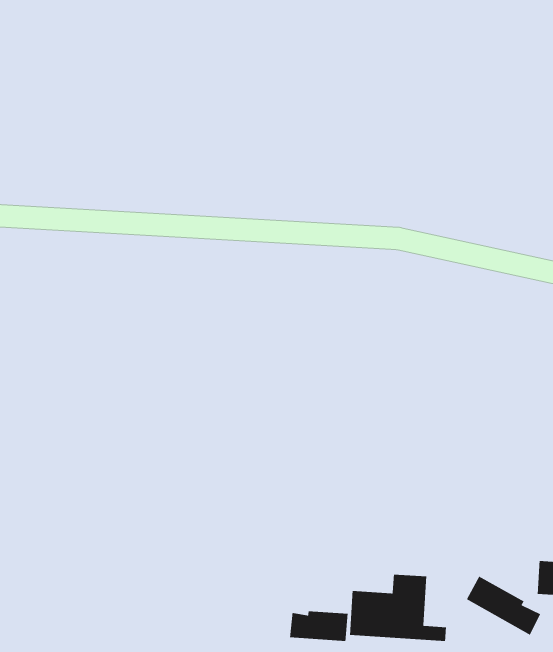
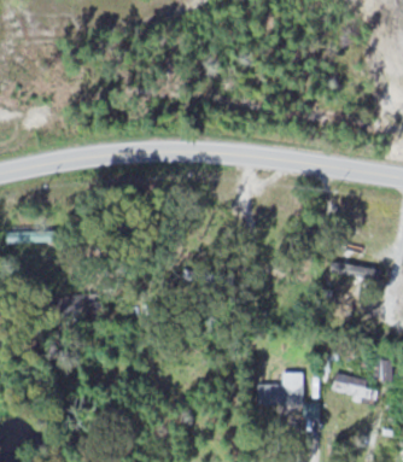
building: [289,610,349,642] -> none

